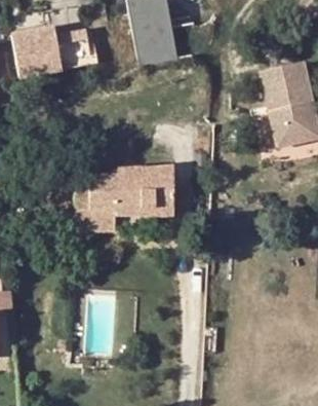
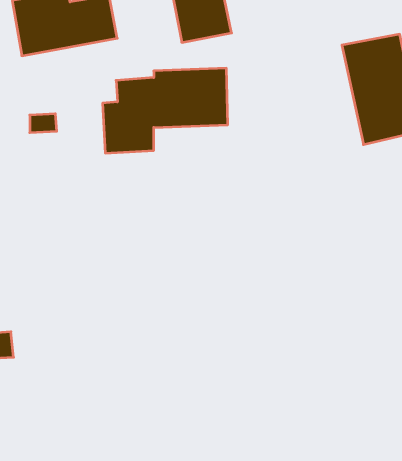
building: [78,169,173,233] -> [103,68,228,153]

